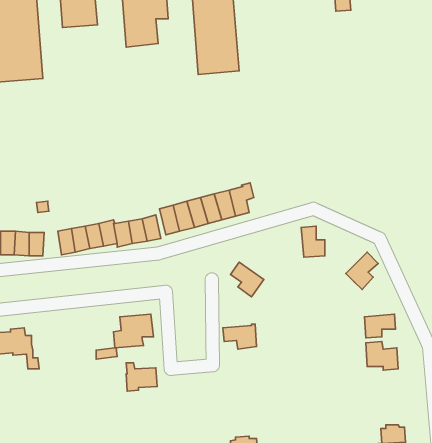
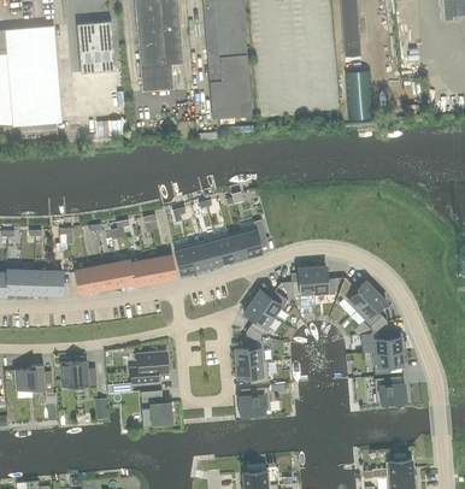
building: none -> [345,70,375,119]
building: none -> [292,266,314,300]
building: none -> [341,281,376,311]
building: none -> [252,289,288,317]
building: none -> [372,330,402,353]
building: none -> [235,340,264,364]
building: none -> [61,361,96,384]
building: none -> [237,387,271,416]

